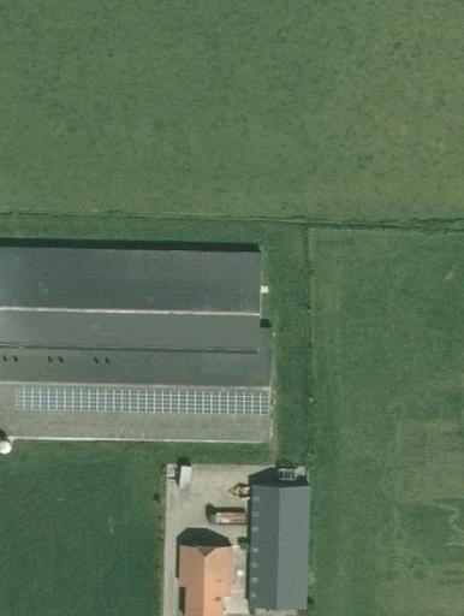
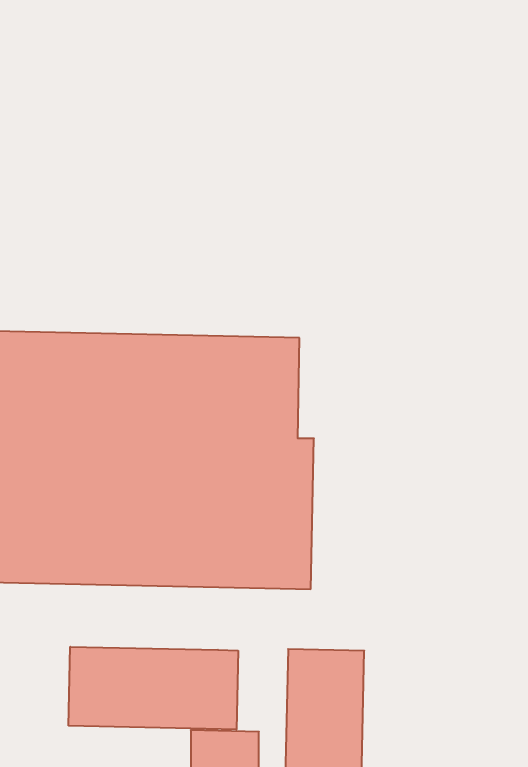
building: none -> [69,647,238,730]

